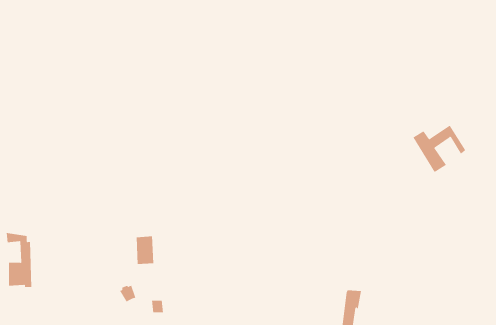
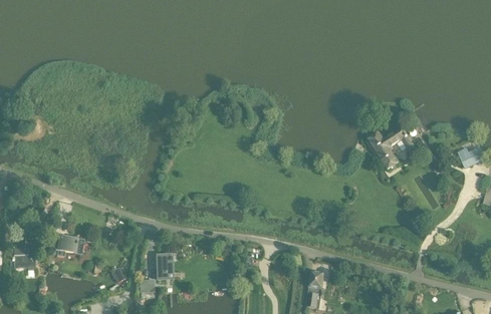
building: [136,236,154,265] -> [157,255,173,280]
building: none -> [51,234,84,257]

